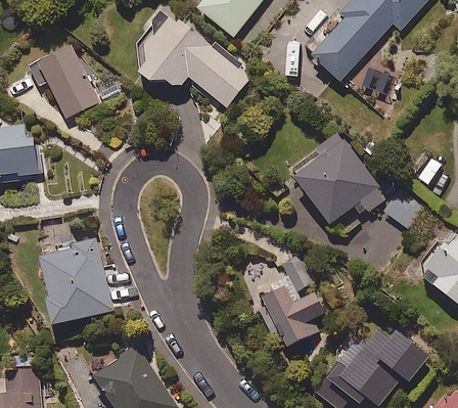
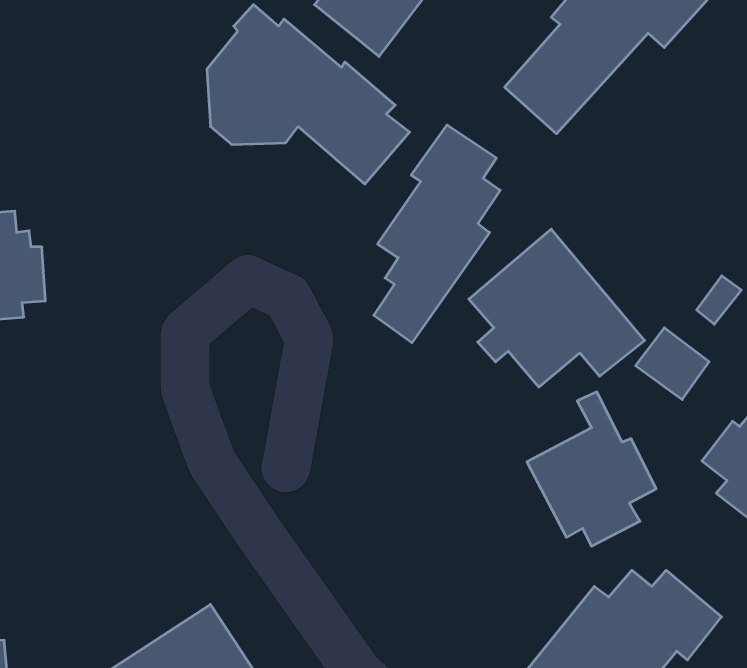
building: [33,45,100,118] -> none
building: none -> [374,125,500,343]
building: [42,237,115,323] -> none
building: [255,258,328,346] -> [527,392,656,546]

